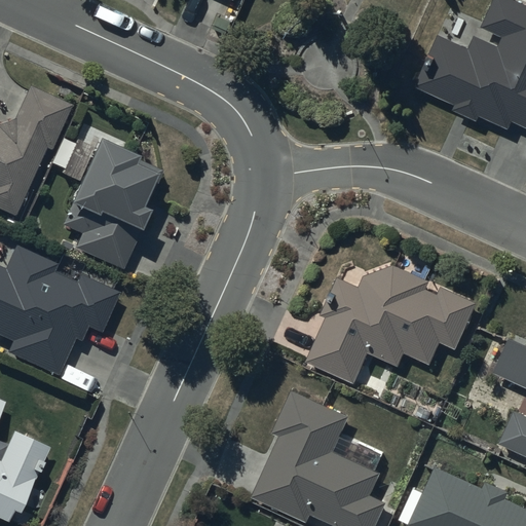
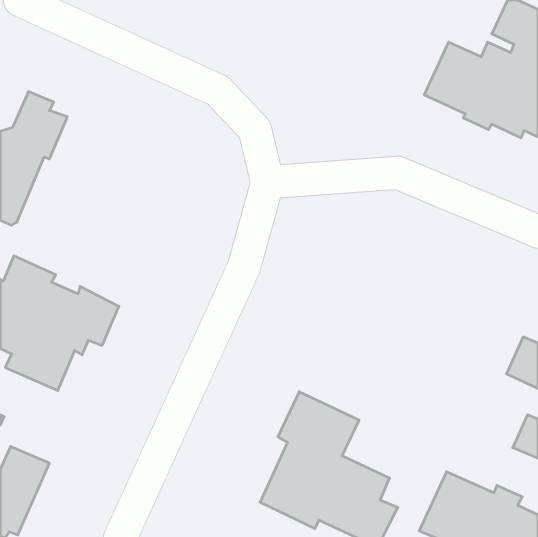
building: [60,151,153,276] -> none
building: [306,260,477,378] -> none

